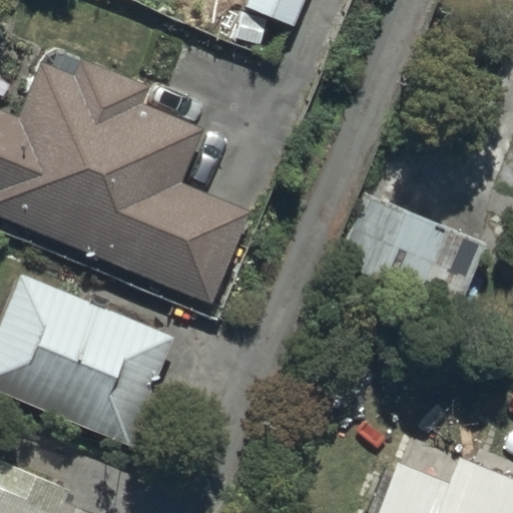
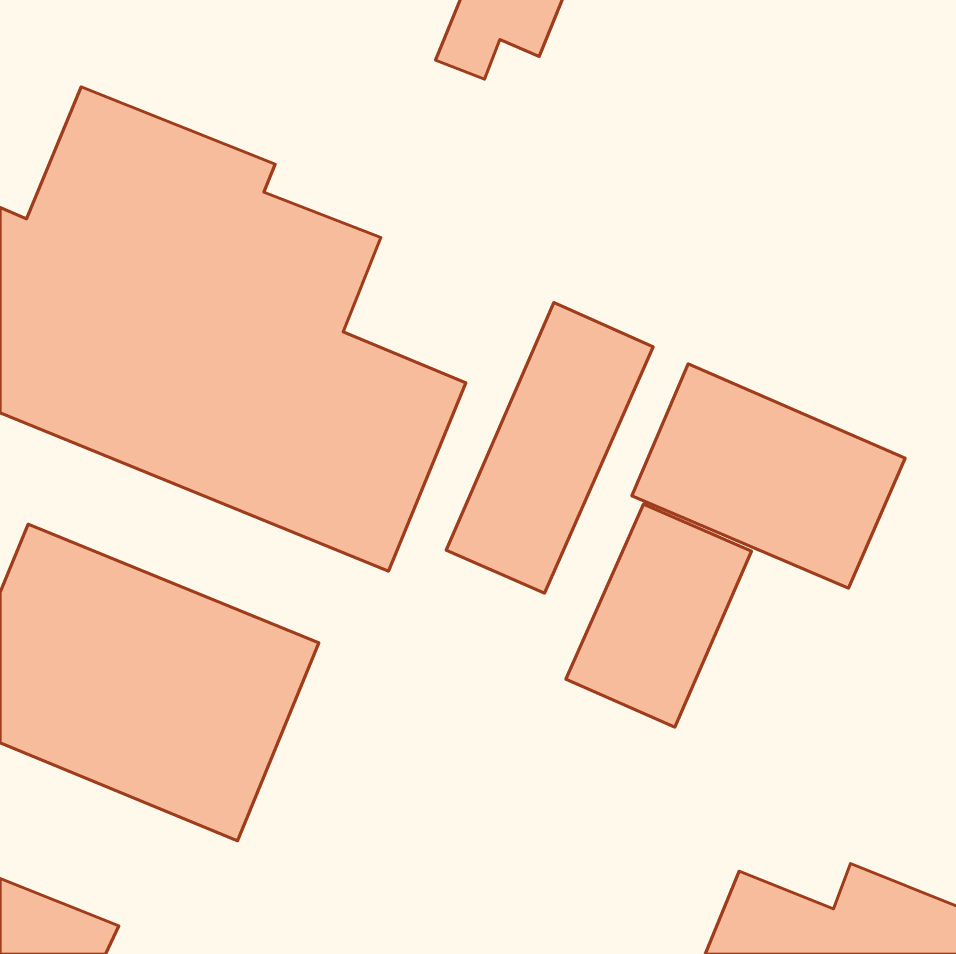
building: none -> [446,303,653,593]
building: none -> [566,504,751,727]

